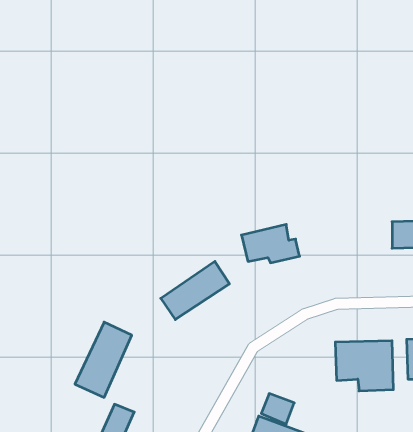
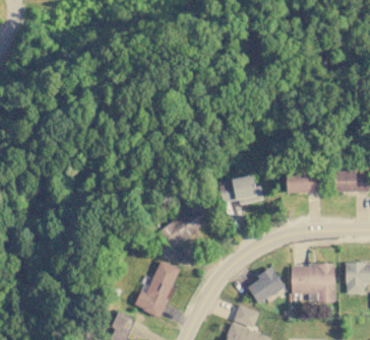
building: none -> [287,171,321,193]
building: [75,322,132,397] -> [137,259,181,317]
building: none -> [247,268,285,303]

